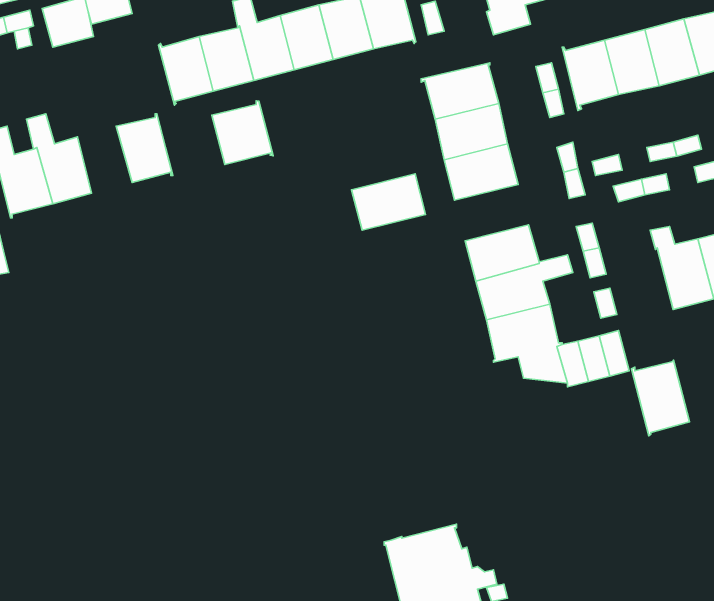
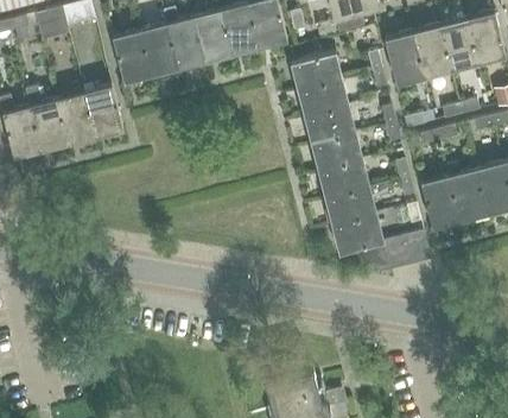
building: [212,101,273,165] -> none
building: none -> [58,94,95,139]
building: [352,174,426,230] -> [312,133,362,171]
building: [631,360,689,436] -> [420,176,459,227]

